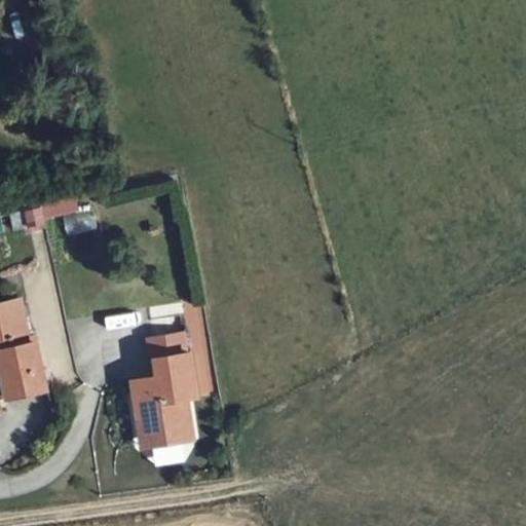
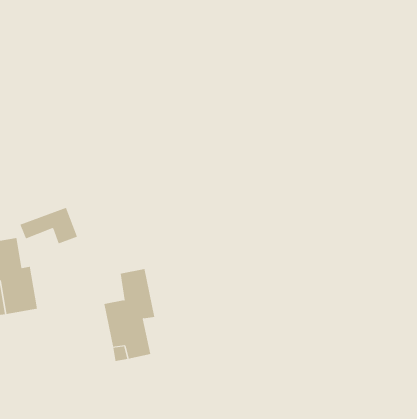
building: [15,191,88,237] -> [20,207,78,244]

